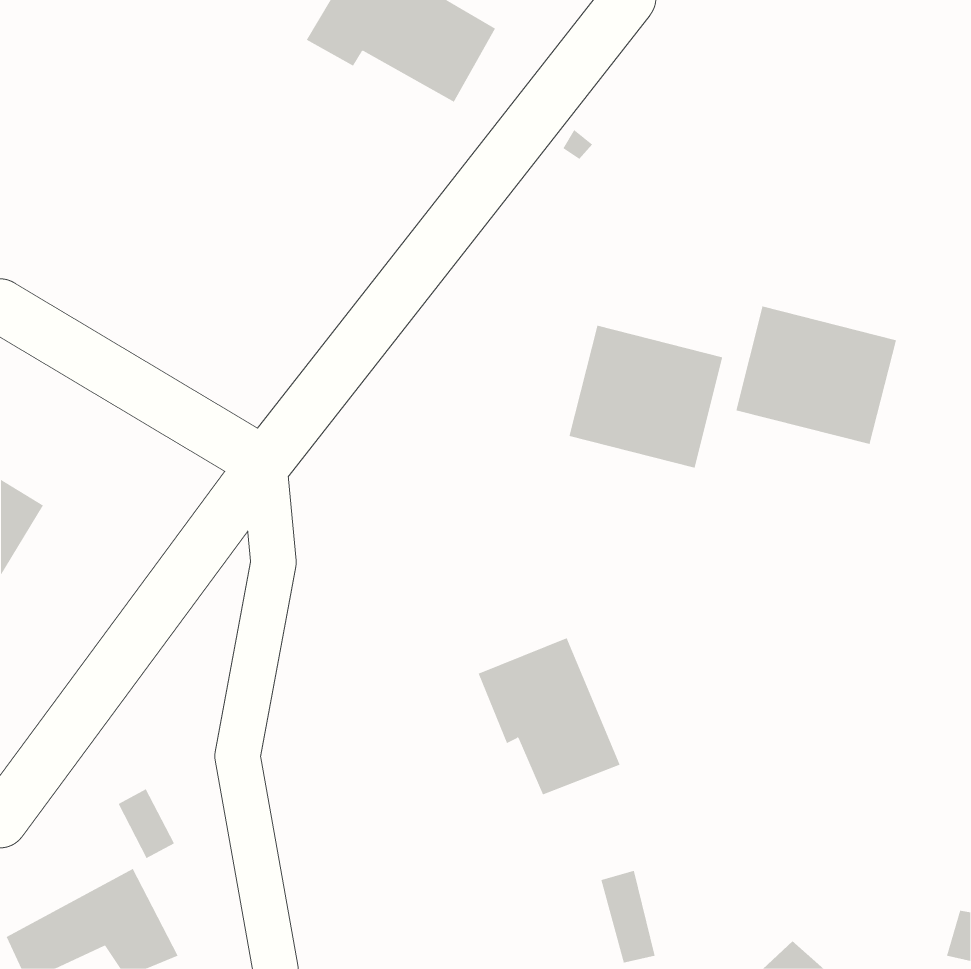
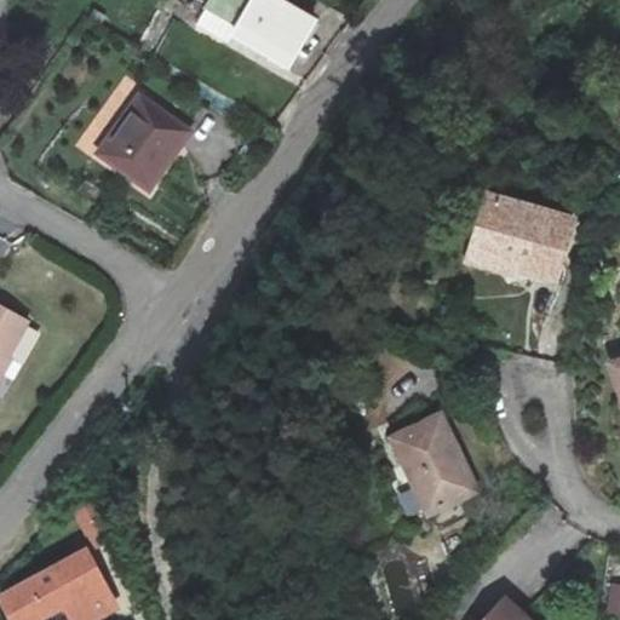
building: none -> [92,91,193,195]
building: [569,325,723,468] -> none
building: [478,637,620,795] -> [388,411,478,511]

